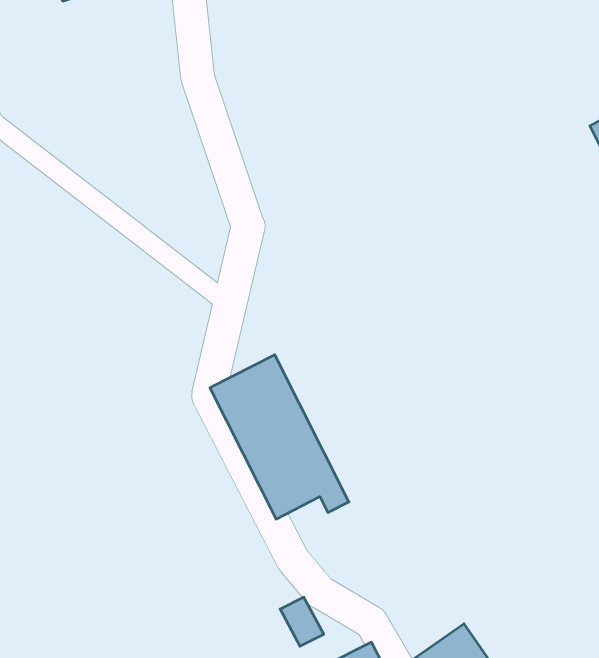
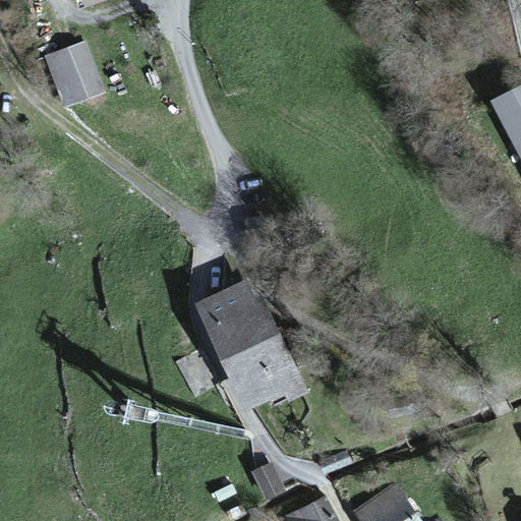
building: none -> [47,41,105,107]

